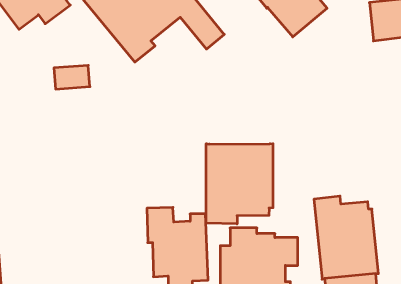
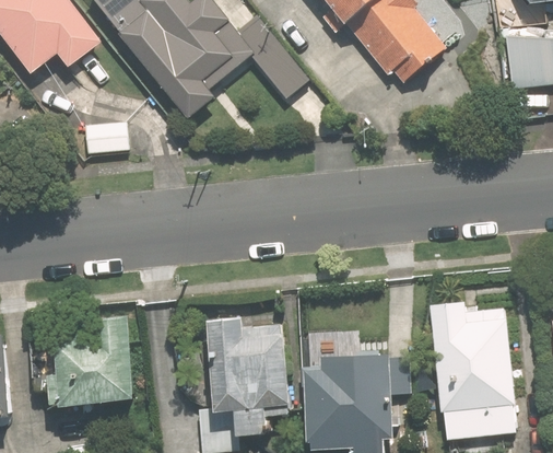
building: [206,144,273,224] -> none
building: none -> [44,312,134,404]

